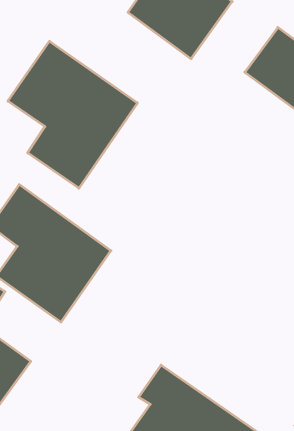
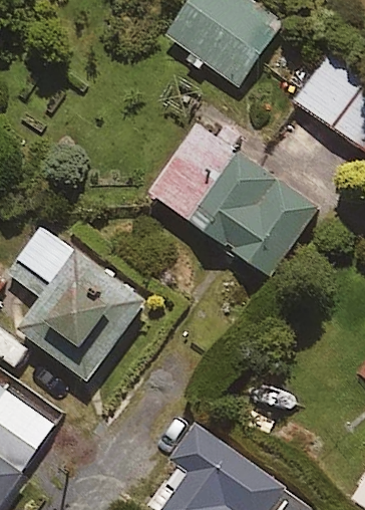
building: [8,41,137,188] -> none
building: none -> [149,124,318,276]

